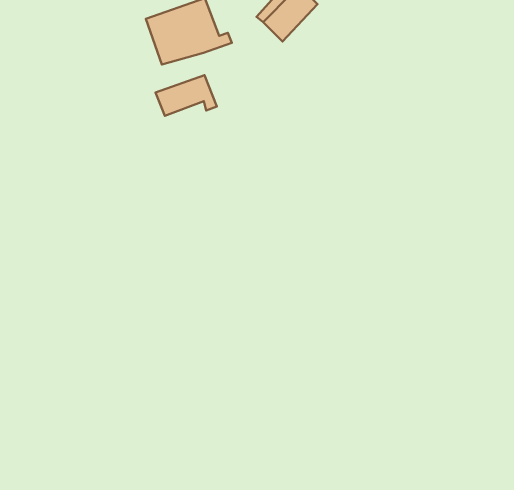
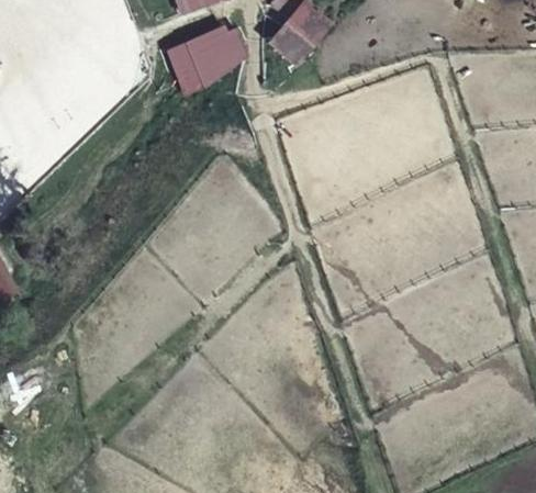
building: [156,75,217,116] -> none

